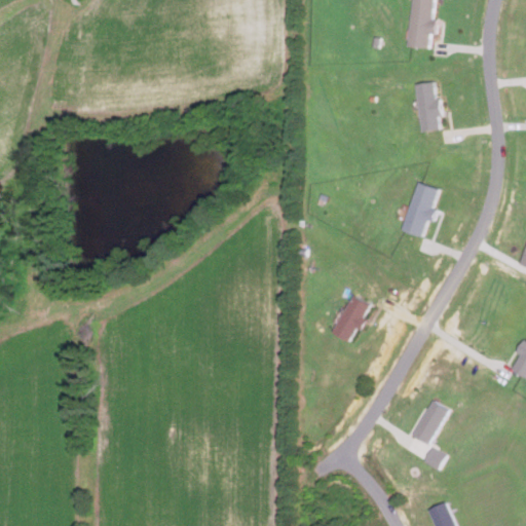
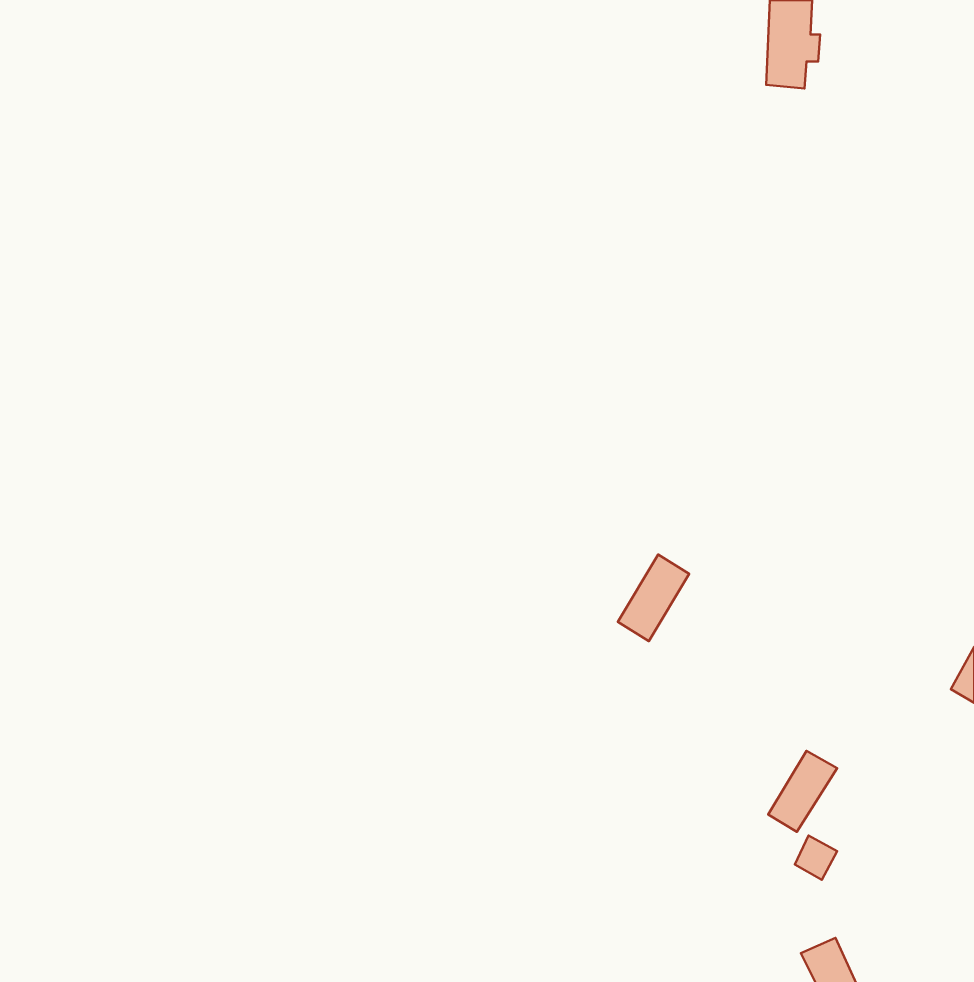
building: [415,81,443,133] -> none
building: [402,182,439,236] -> none

